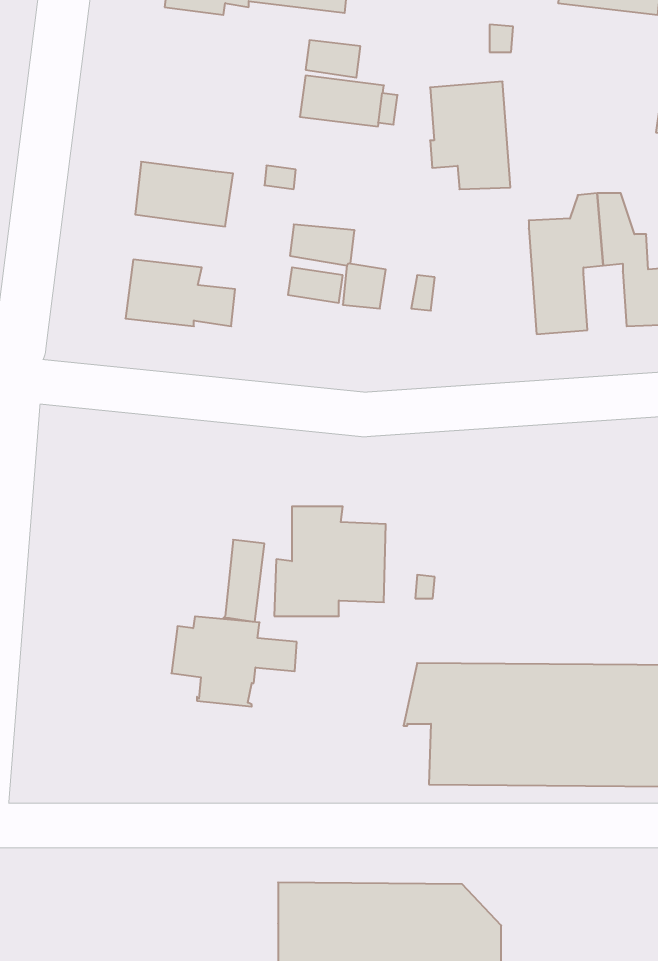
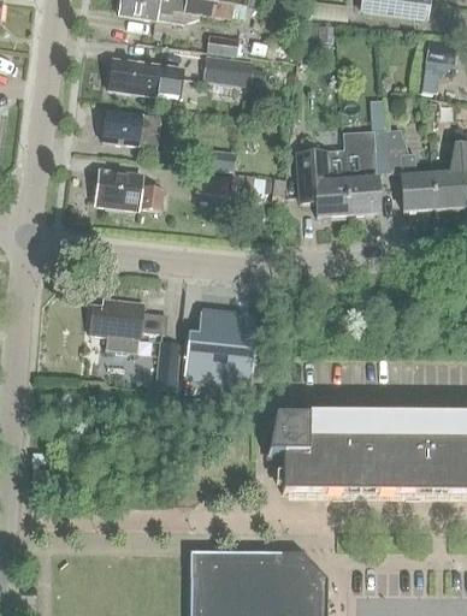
building: none -> [108,57,183,97]
building: [430,82,510,189] -> [298,148,348,214]
building: [171,616,297,707] -> [89,297,166,353]

